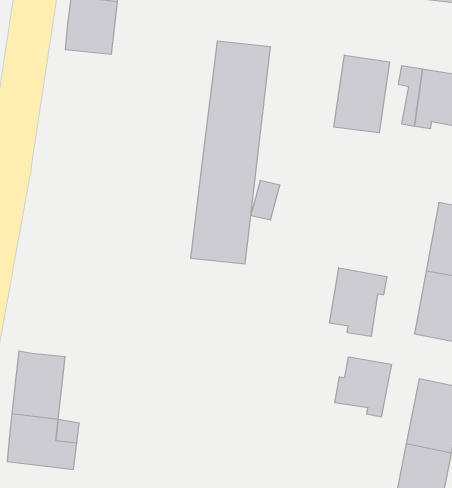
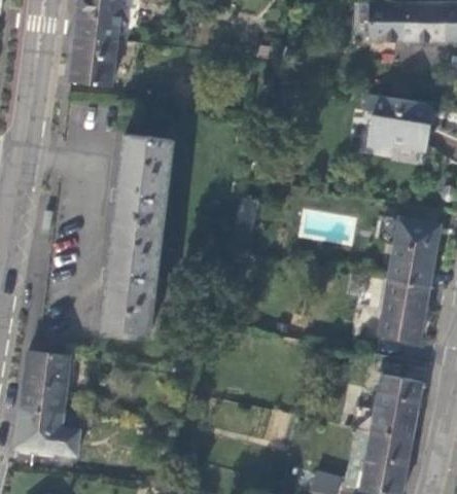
building: [191,41,271,264] -> [101,138,172,336]
building: [334,55,389,133] -> none
building: [330,268,387,336] -> none
building: [335,357,391,417] -> none

